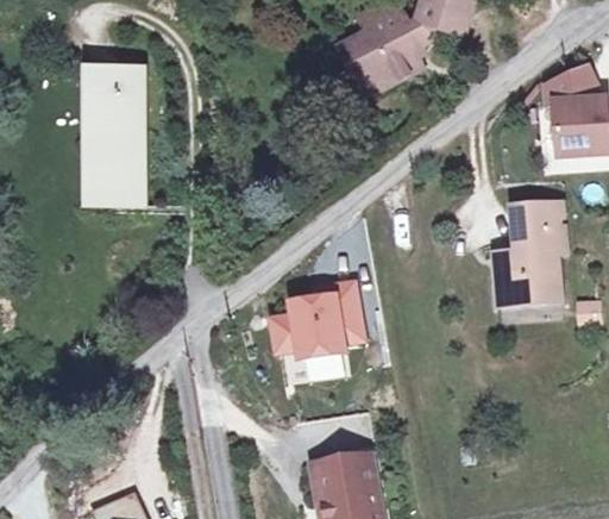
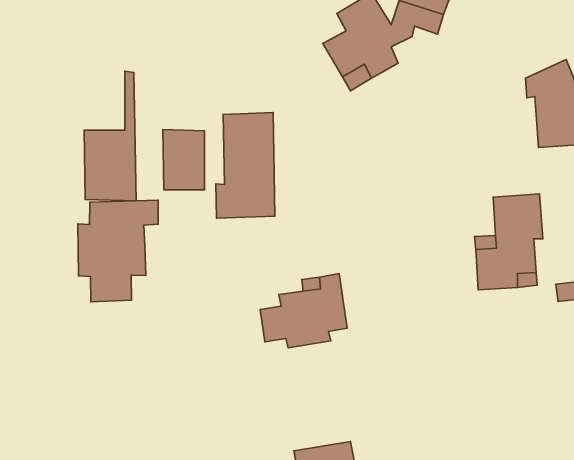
building: [90,74,133,136] -> [163,130,205,190]
building: none -> [216,113,275,218]
building: none -> [78,200,158,302]

